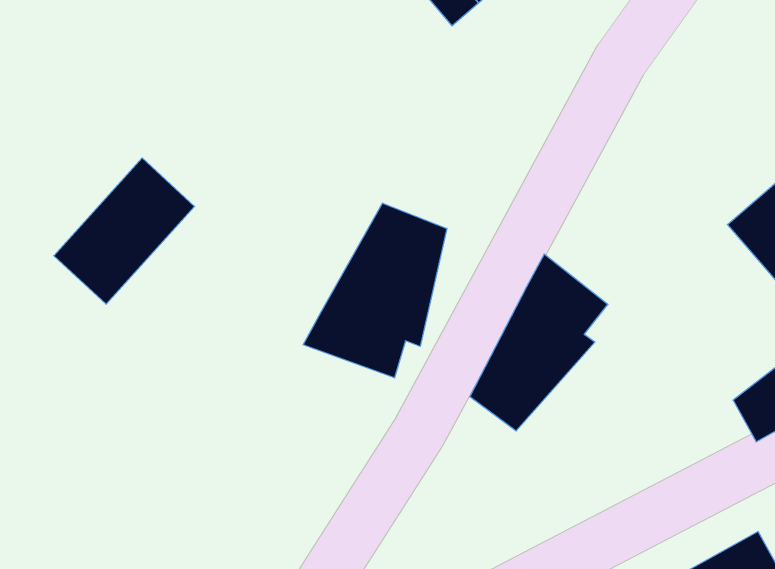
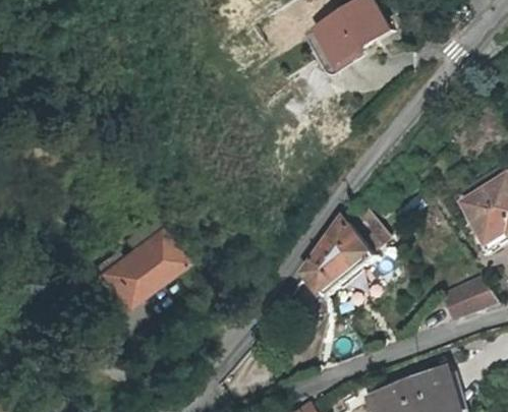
building: [54,158,195,304] -> [96,231,176,307]
building: [303,203,447,378] -> none

